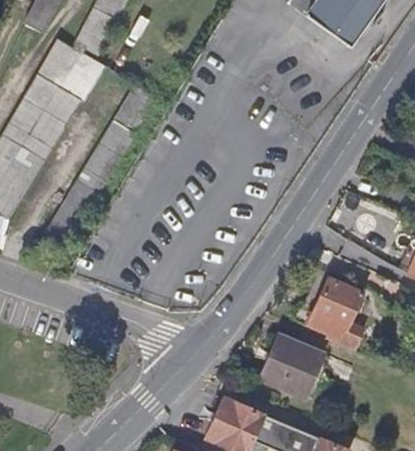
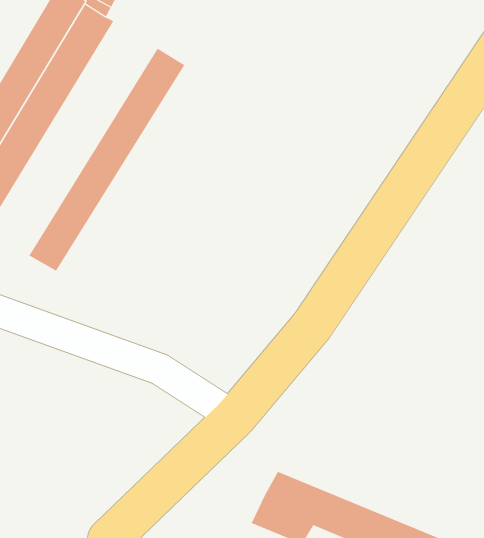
building: [308,281,359,338] -> none
building: [260,336,323,397] -> none

